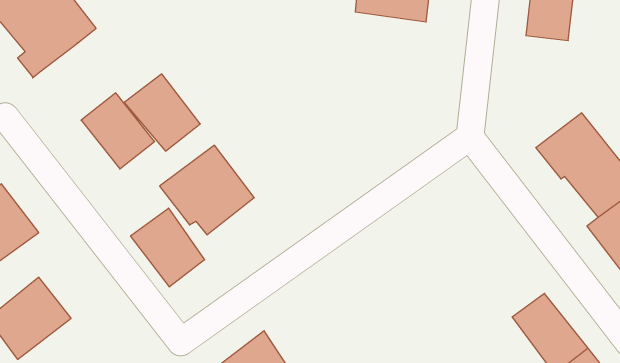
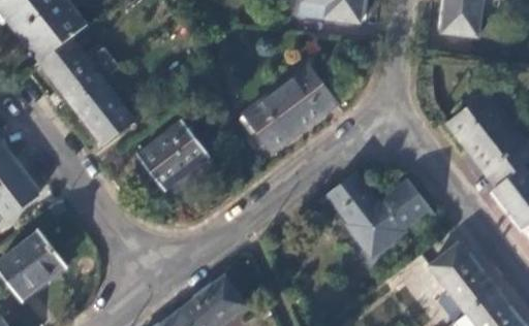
building: [124,74,200,151] -> [39,38,102,102]
building: none -> [249,67,336,151]
building: [131,208,205,287] -> none
building: none -> [325,177,431,259]

